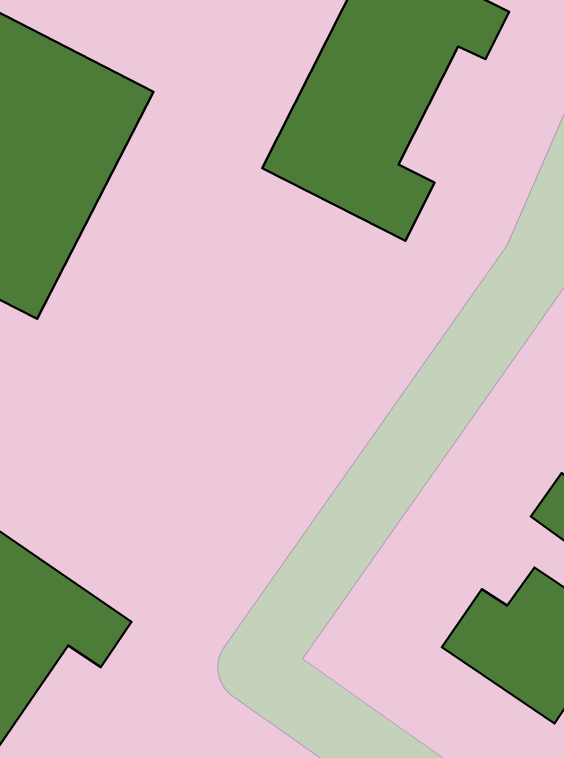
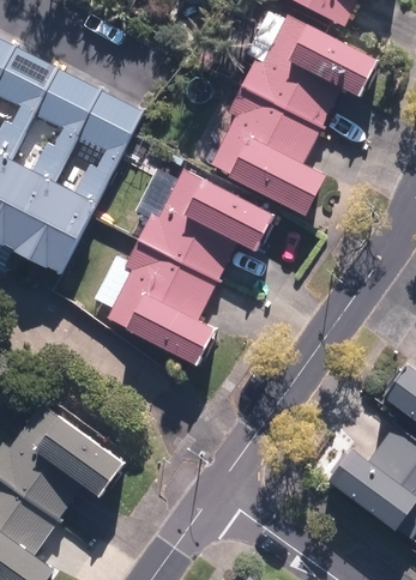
building: none -> [107,170,273,362]

